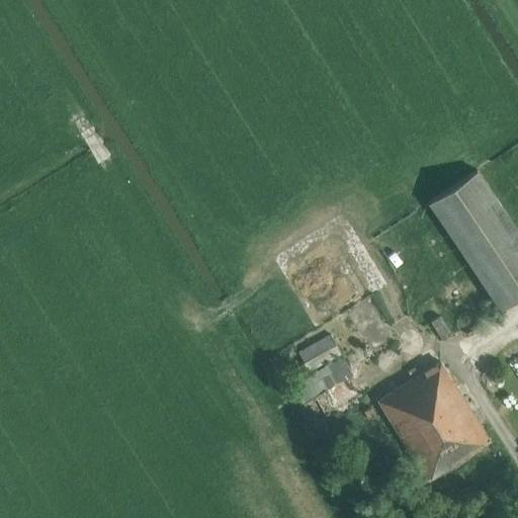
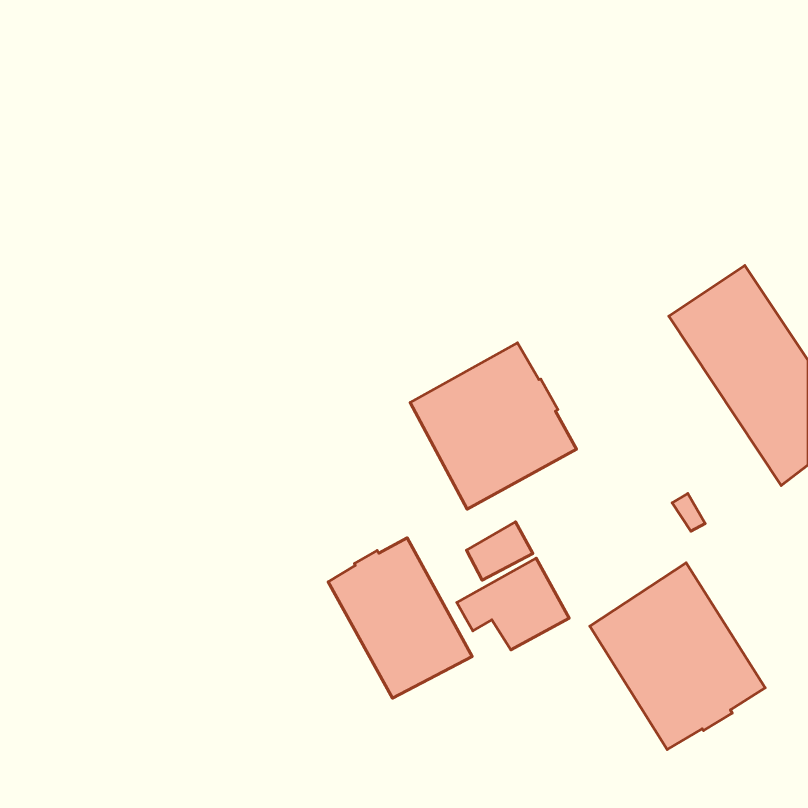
building: none -> [410,343,576,509]
building: none -> [328,538,472,698]

